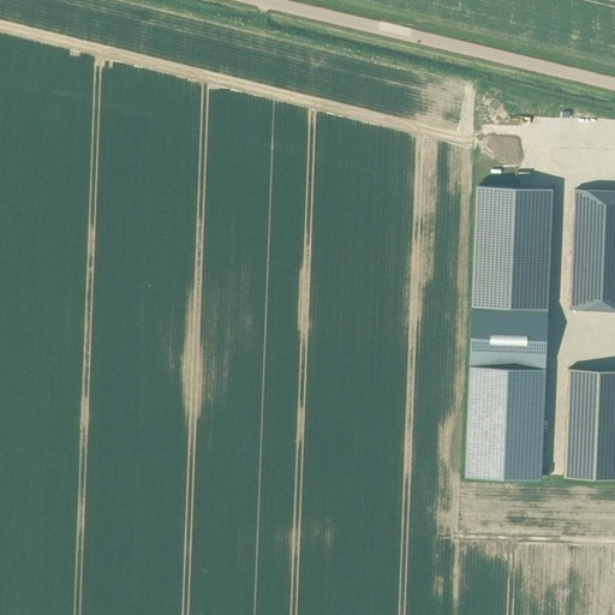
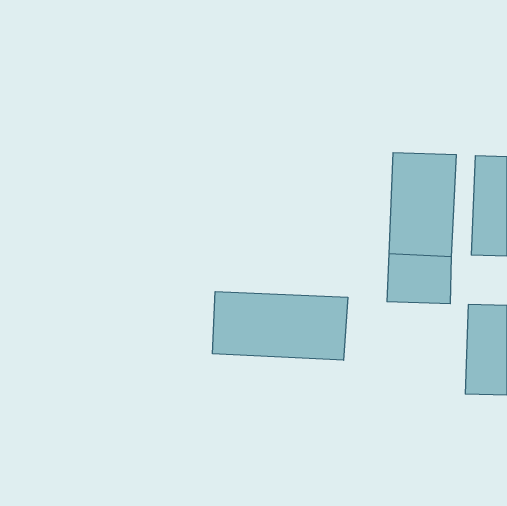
building: none -> [213,292,348,360]
building: [464,366,545,480] -> none

